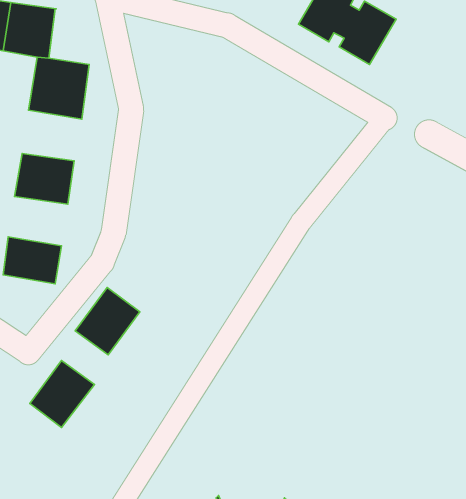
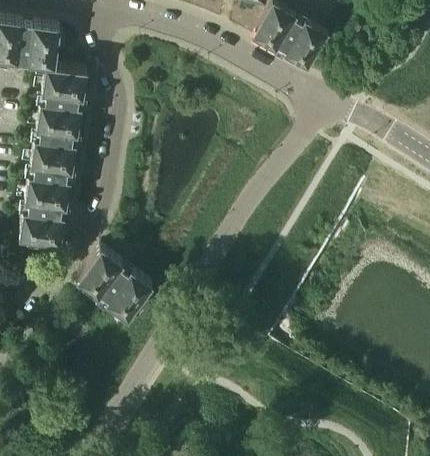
building: none -> [36,106,83,146]
building: none -> [25,174,72,213]
building: [30,360,94,428] -> [104,265,155,318]

